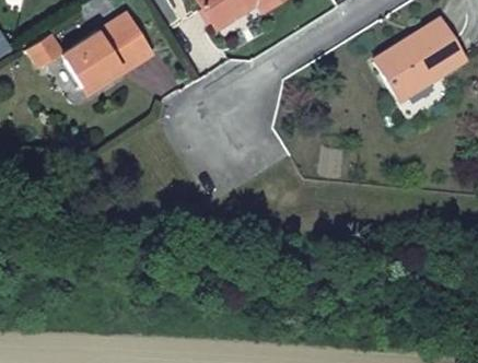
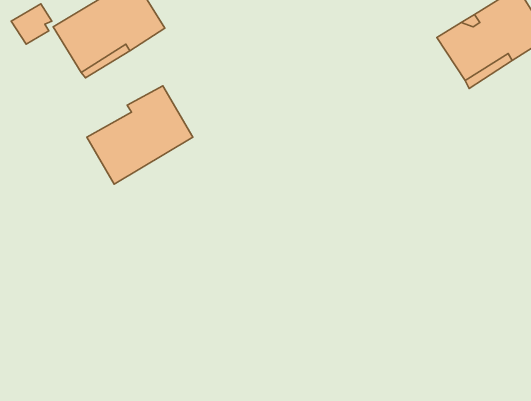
building: none -> [87,86,193,184]

